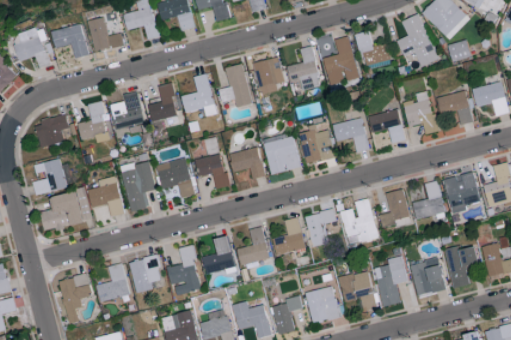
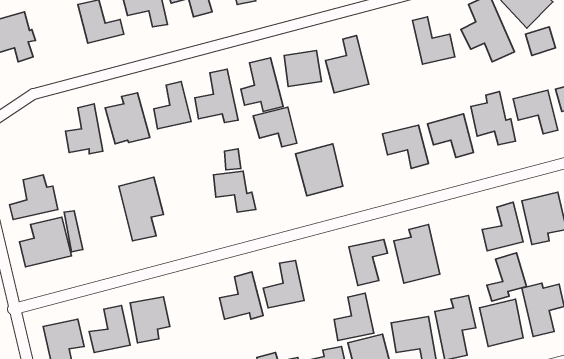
building: [52,24,88,58] -> none
building: [322,36,358,85] -> none
building: [34,115,69,148] -> none
building: [299,125,334,164] -> none
building: [229,147,264,179] -> [253,107,297,147]
building: [156,157,195,198] -> none
building: [88,175,124,217] -> none
building: [378,189,410,228] -> [487,253,527,301]
building: [273,217,305,255] -> [334,293,374,341]
building: [166,245,201,295] -> none

